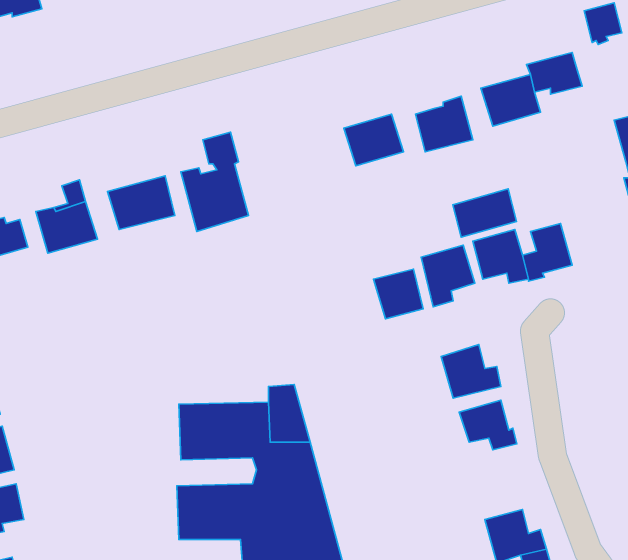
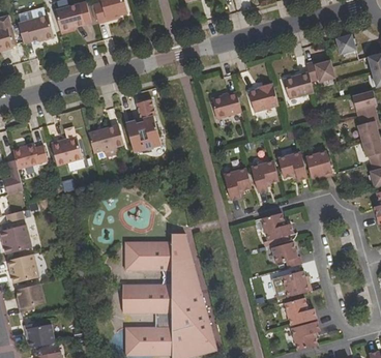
building: [453,189,517,237] -> none
building: none -> [283,269,310,296]

